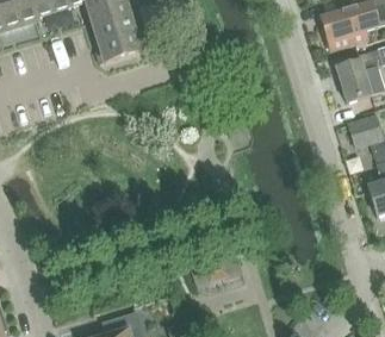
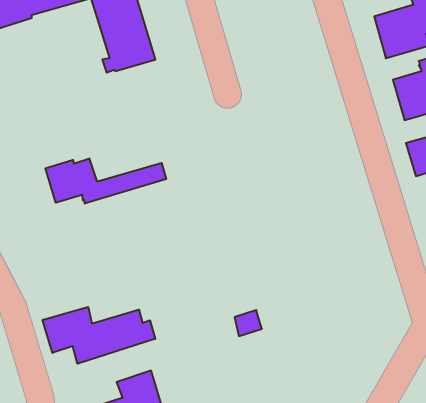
building: none -> [45,158,166,204]
building: none -> [43,307,155,364]

